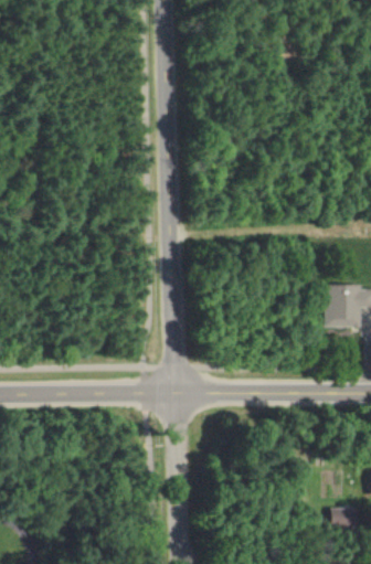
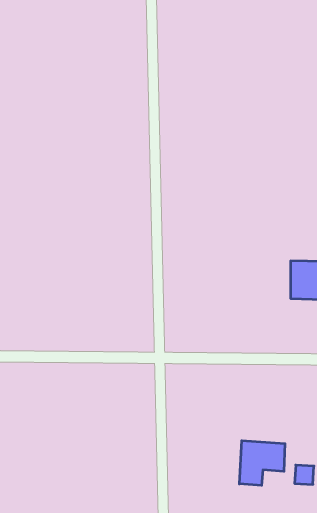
building: none -> [239,441,285,485]

